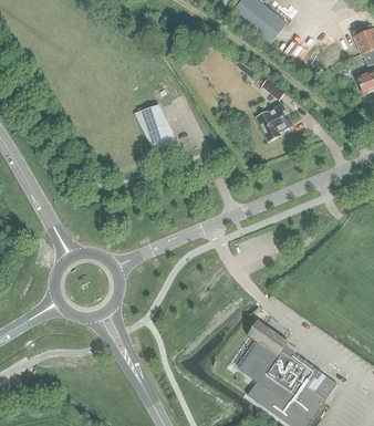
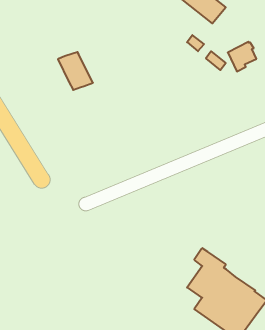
building: [134,104,177,150] -> [58,52,93,90]
building: [257,104,292,141] -> [228,42,256,71]

